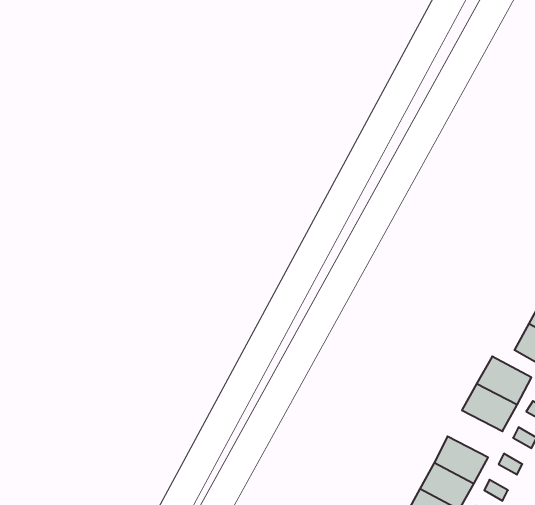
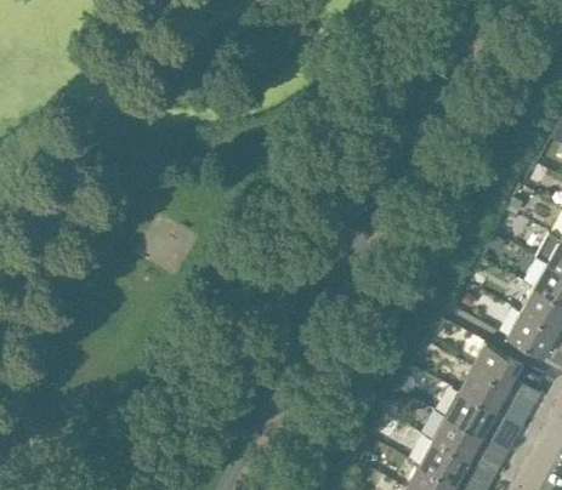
building: none -> [444,395,495,439]

